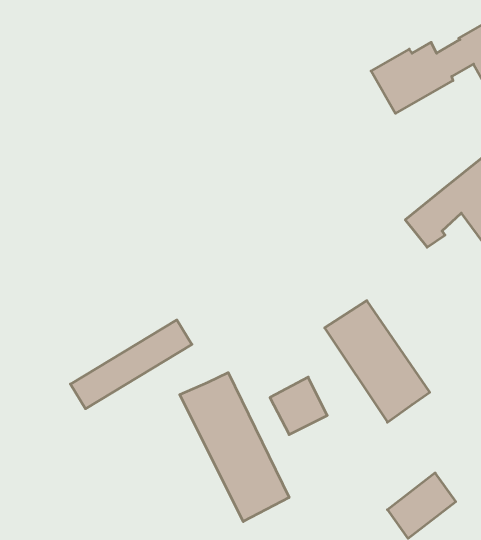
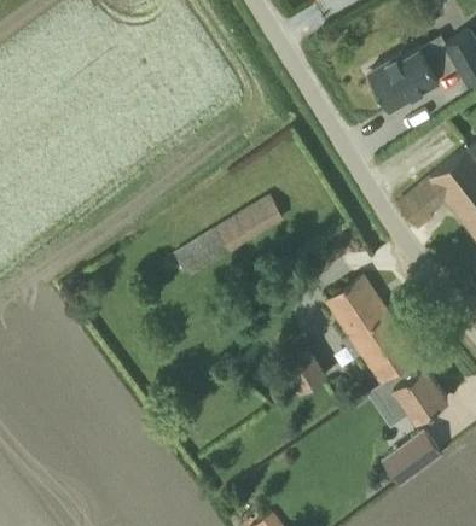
building: [70,320,192,409] -> [174,198,281,276]
building: [180,373,289,522] -> none
building: none -> [368,358,447,425]

